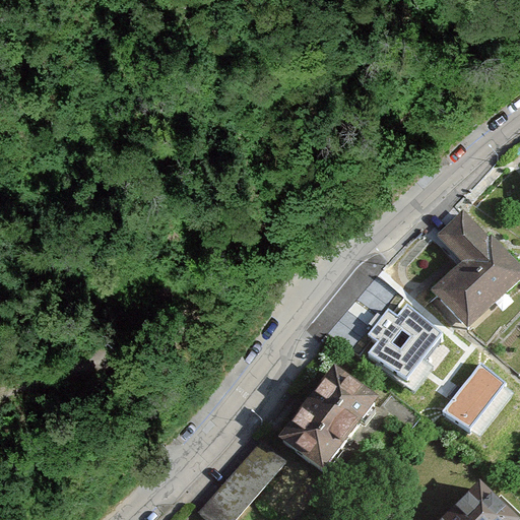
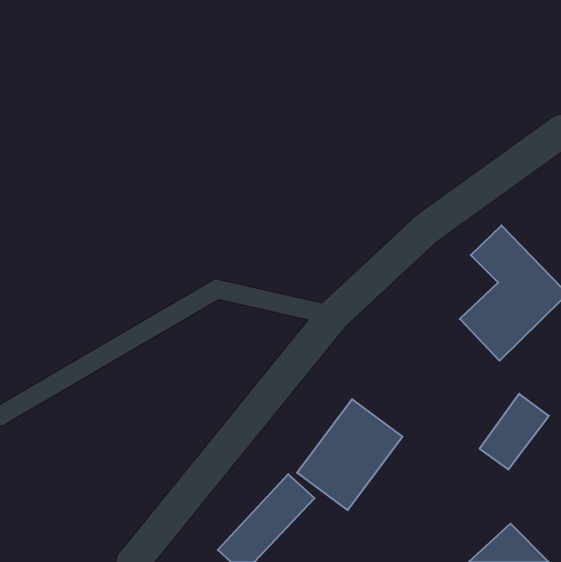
building: [368,305,448,387] -> none

